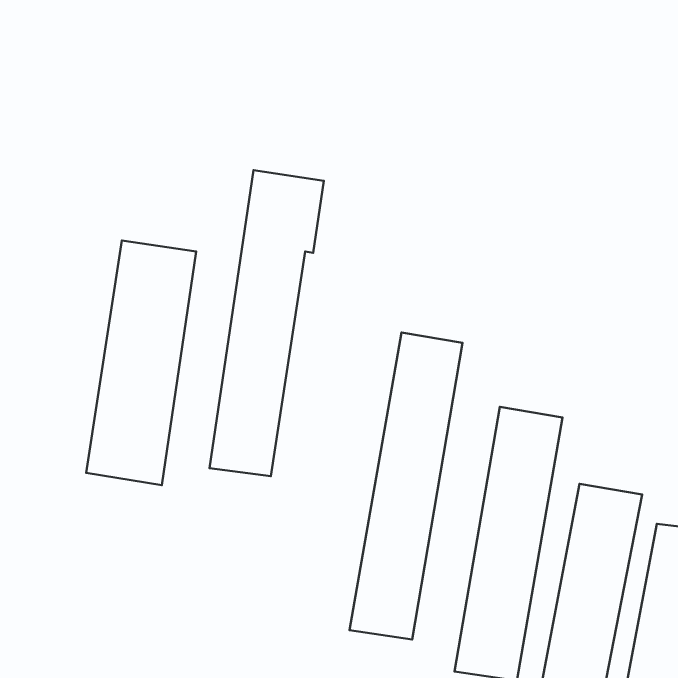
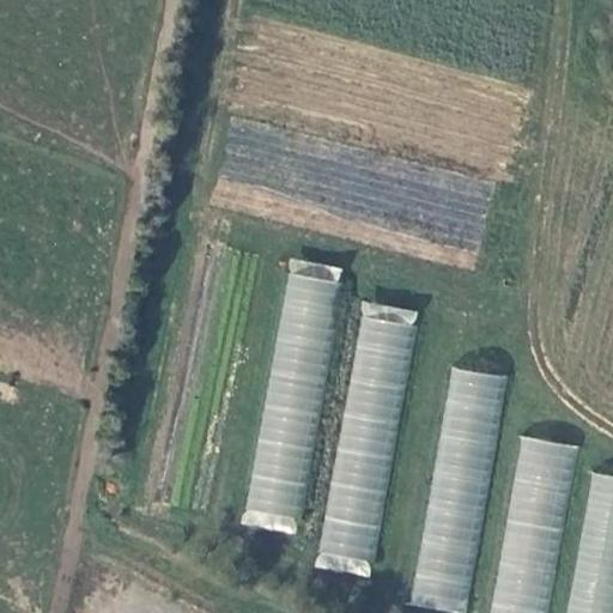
building: [210,170,324,476] -> [247,259,350,534]
building: [86,240,196,485] -> none

